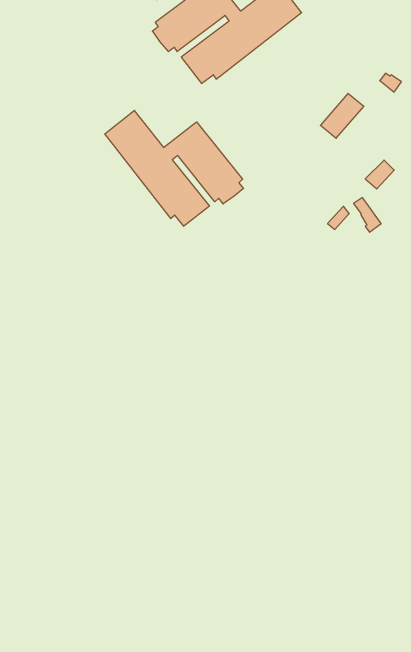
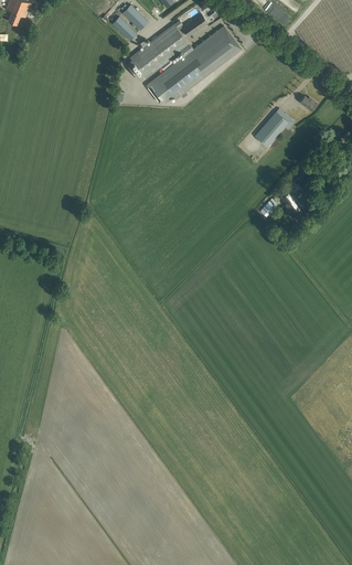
building: [105,110,243,226] -> none

